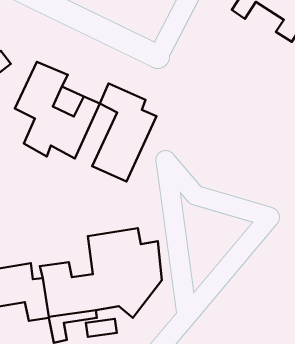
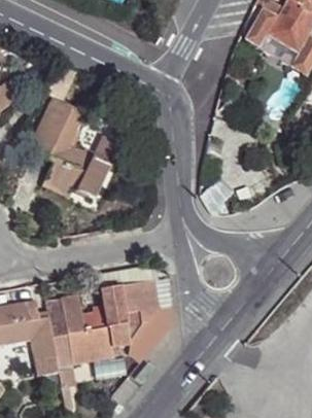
building: [92,84,157,182] -> none

